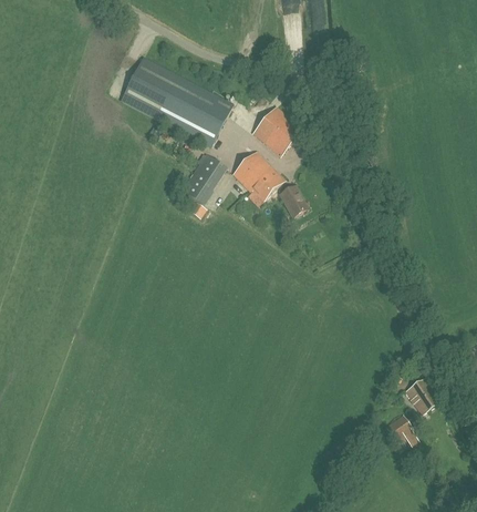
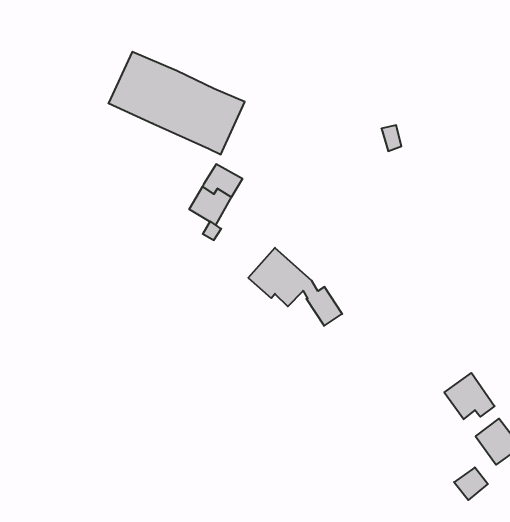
building: [252,106,302,156] -> none
building: [232,151,308,217] -> [248,248,342,326]
building: none -> [444,373,495,419]

